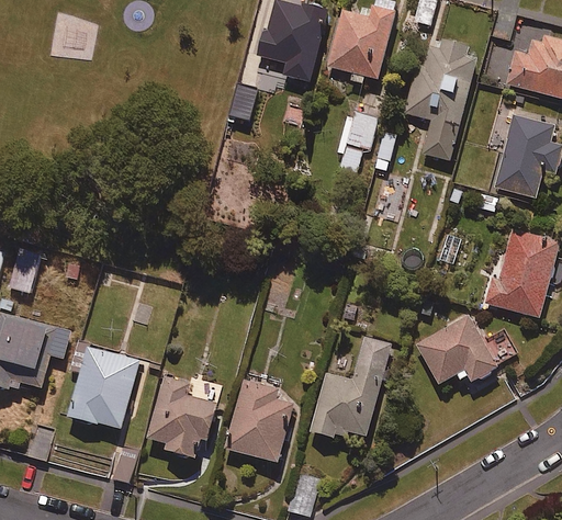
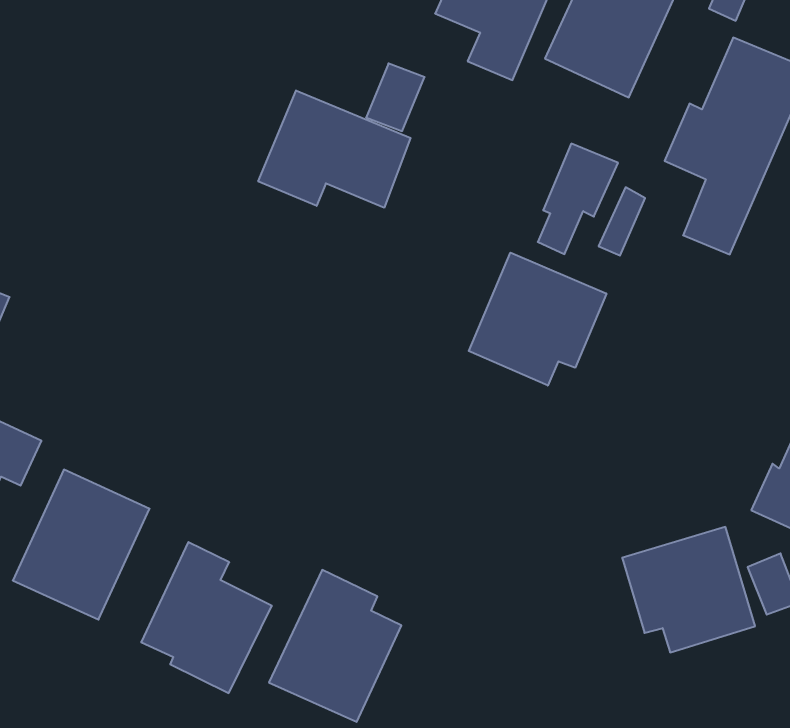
building: none -> [258,90,411,208]
building: none -> [469,253,606,386]
building: [312,336,393,439] -> none

